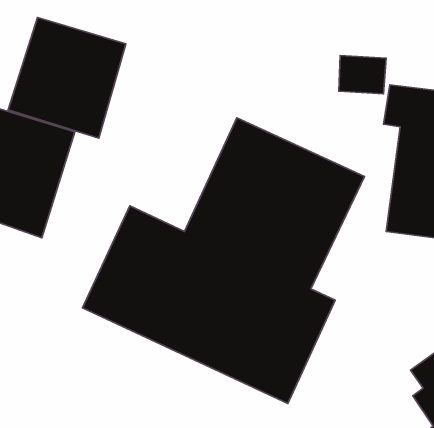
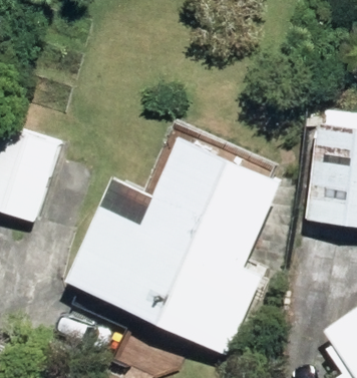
building: [8,18,126,138] -> none

